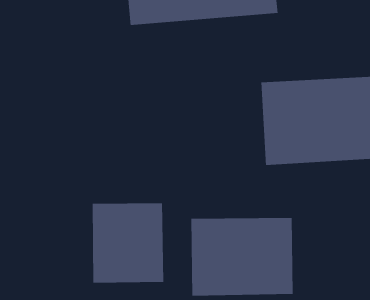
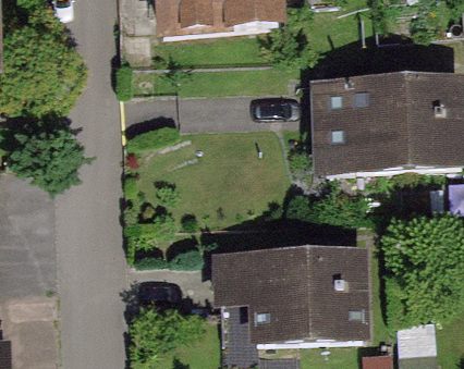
building: [92,202,164,283] -> none

